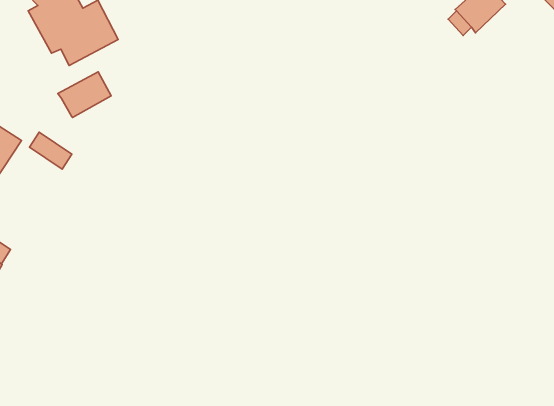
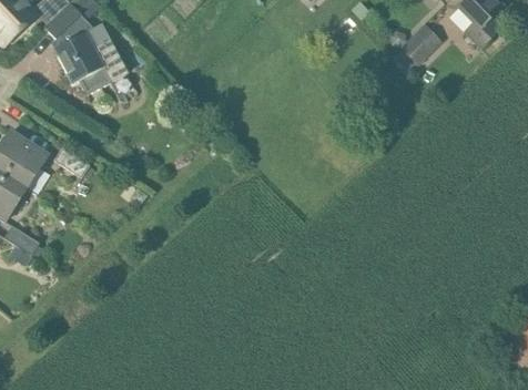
building: [58,72,111,118] -> none

